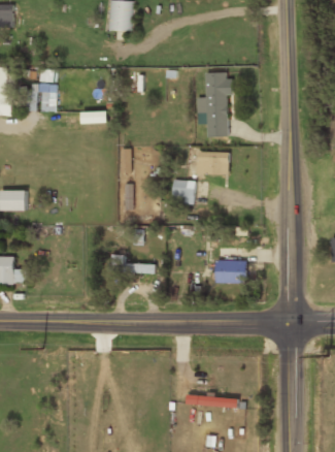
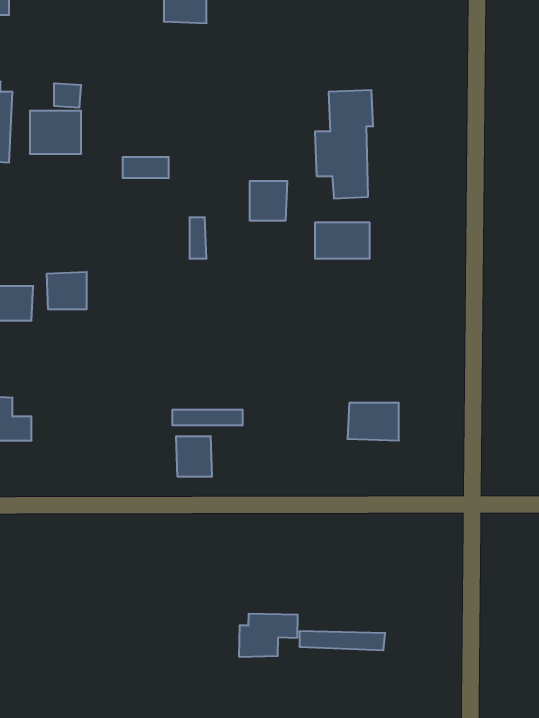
building: [172,180,195,203] -> [250,181,287,221]
building: none -> [47,272,87,309]
building: none -> [176,436,212,477]
building: none -> [239,614,298,657]

